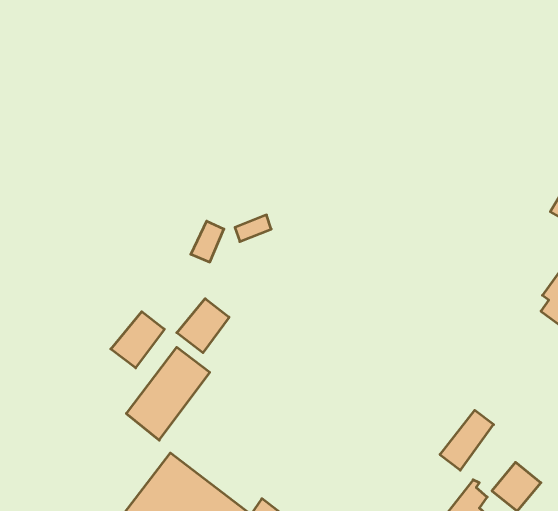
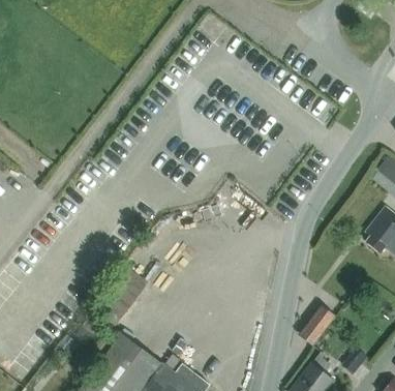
building: [177,299,229,353] -> none
building: [111,312,164,368] -> none

